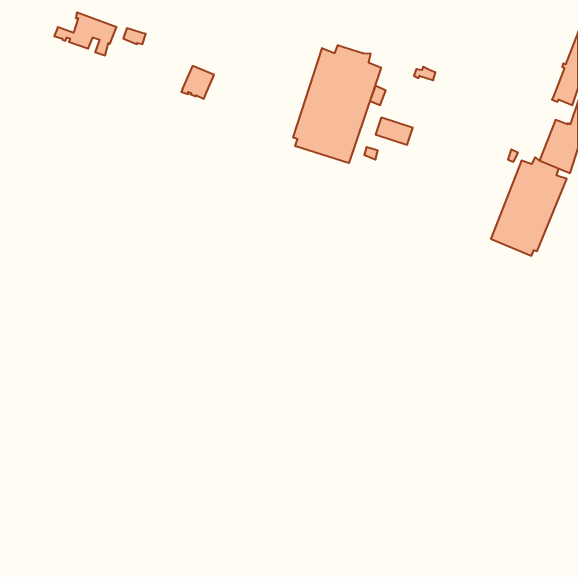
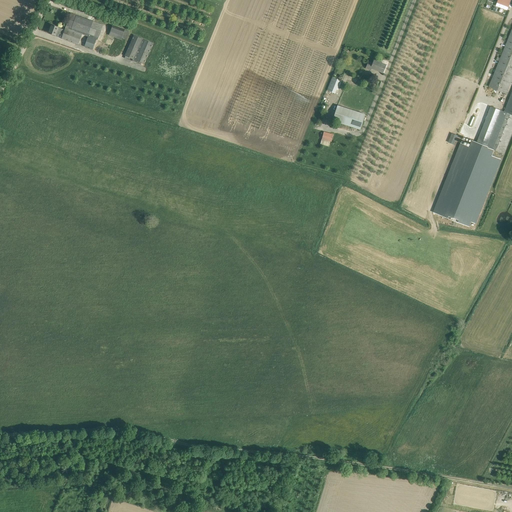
building: [293,45,381,163] -> none
building: [181,66,214,99] -> [124,34,153,63]

